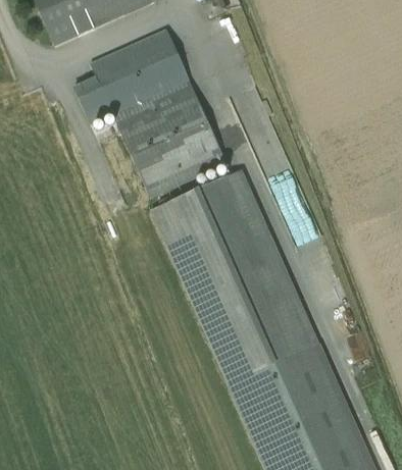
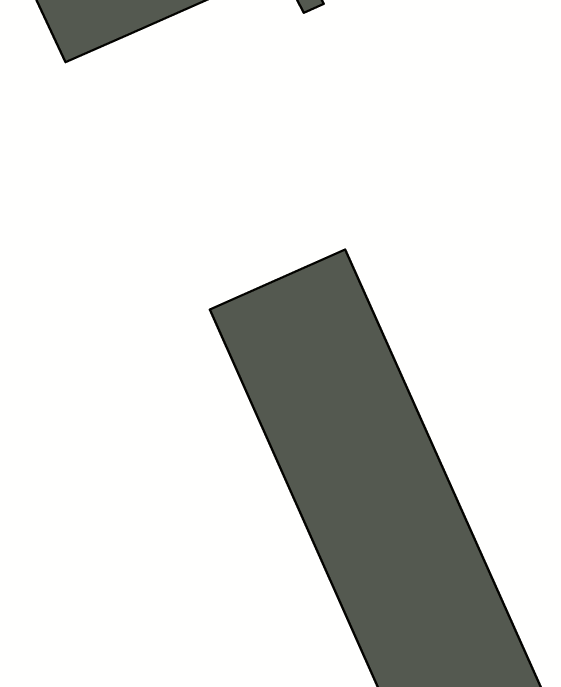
building: [74,28,227,197] -> none

